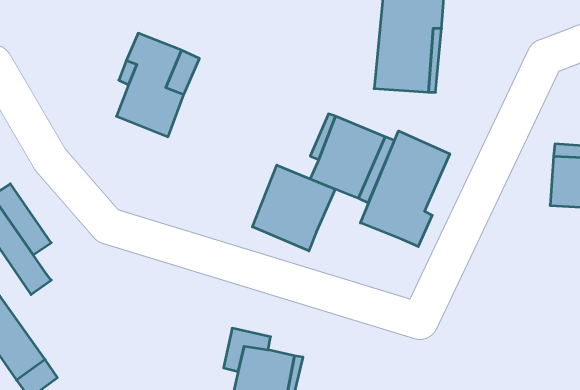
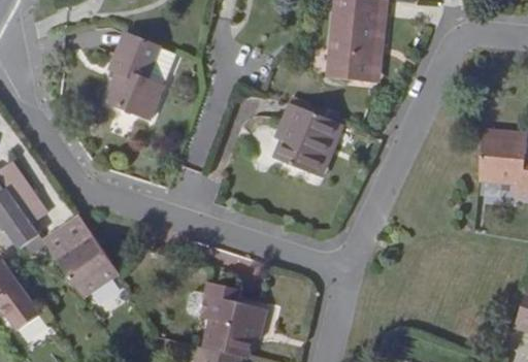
building: [360,131,450,247] -> none
building: [252,165,335,251] -> none
building: none -> [45,216,121,296]

